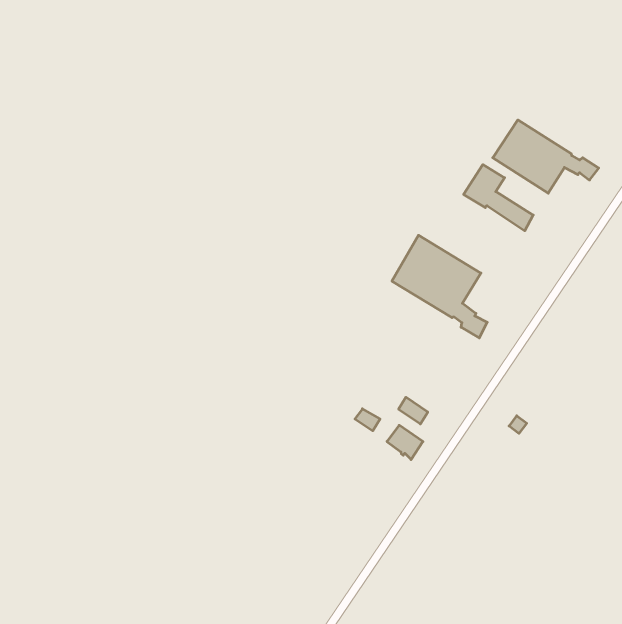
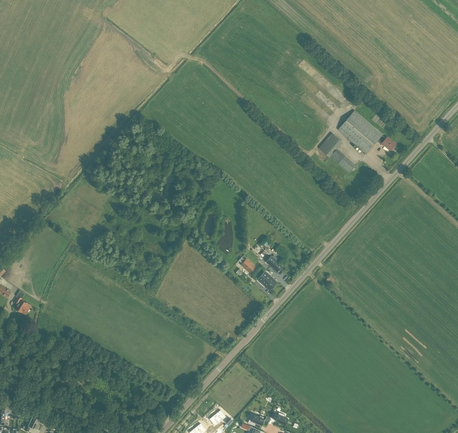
building: [392,235,487,338] -> none

